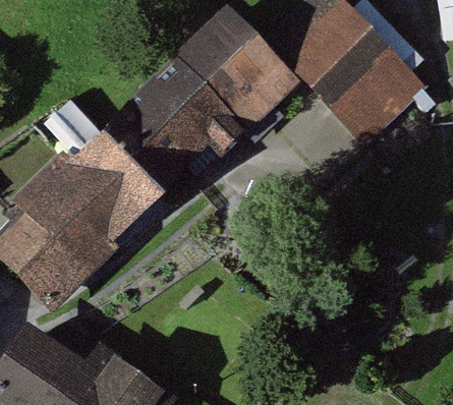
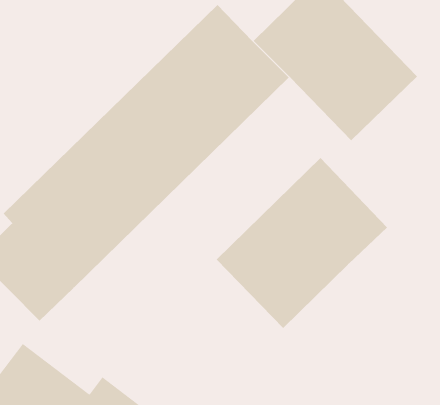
building: none -> [216,157,388,329]

